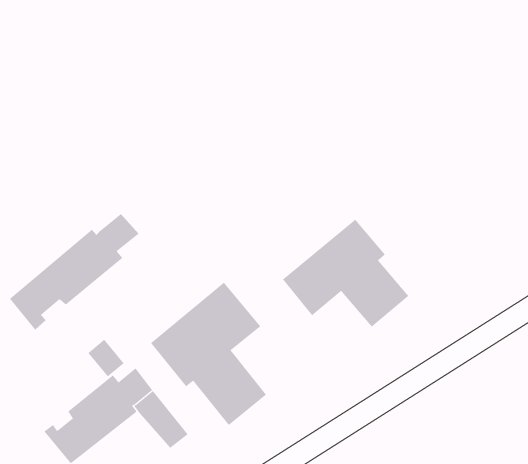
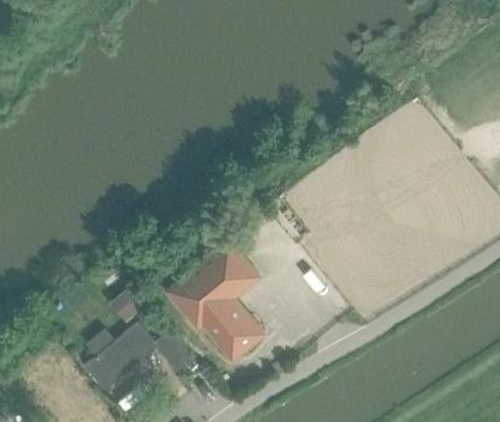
building: [9,213,140,331] -> none
building: [282,219,409,328] -> none

